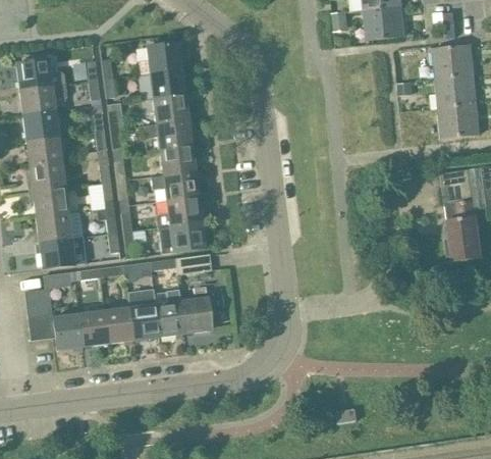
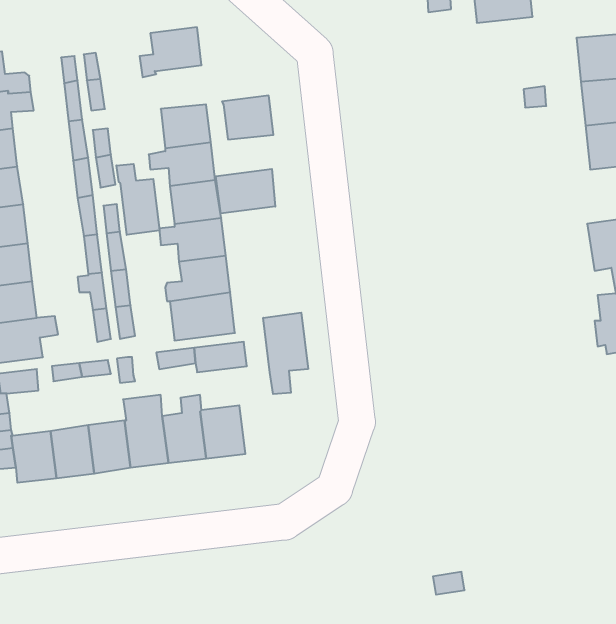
building: [150,66,184,96] -> [222,96,273,139]
building: none -> [116,164,159,235]
building: none -> [216,169,275,213]
building: none -> [263,313,308,394]

